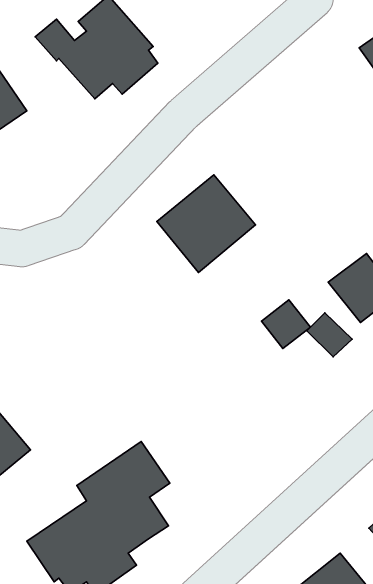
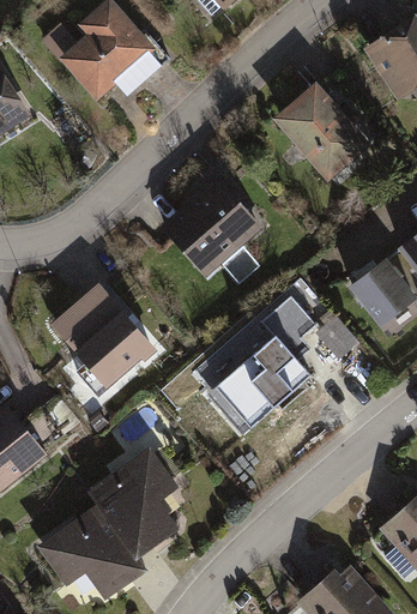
building: none -> [278,80,376,181]
building: none -> [56,284,158,387]
building: none -> [211,329,309,416]

